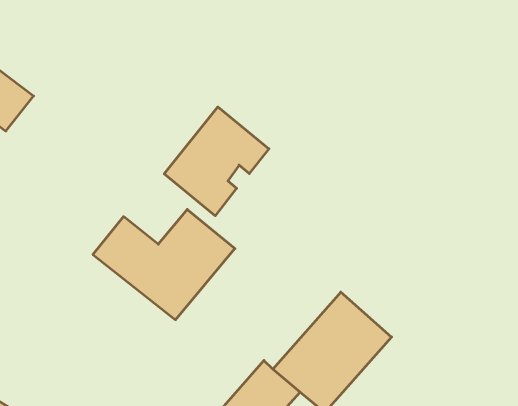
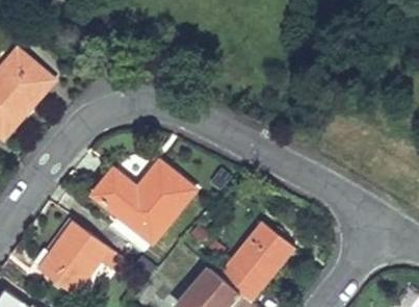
building: [164,107,269,216] -> none
building: none -> [34,221,106,295]

